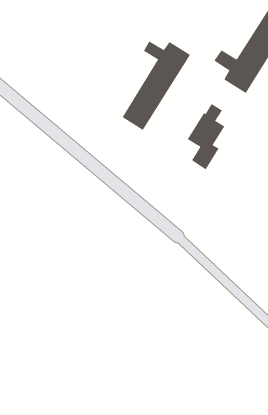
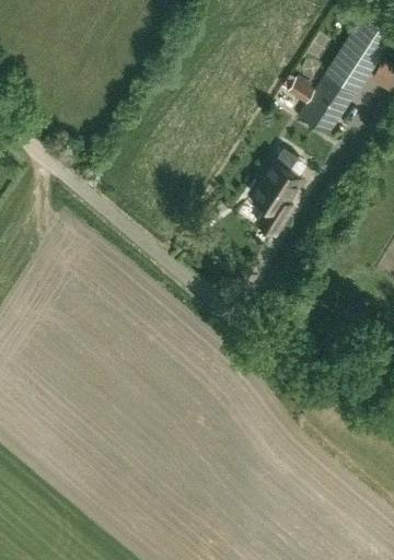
building: [122,40,191,131] -> none

